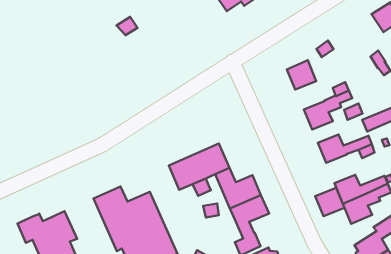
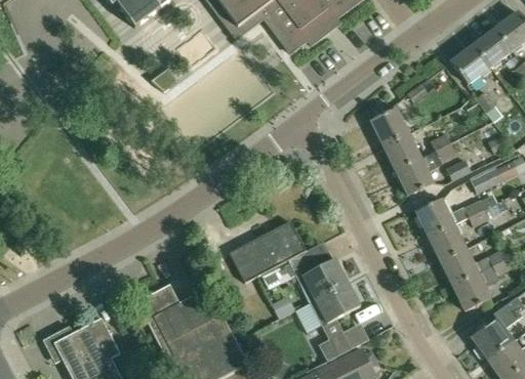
building: none -> [451,44,489,82]
building: none -> [382,133,420,170]
building: [315,188,344,216] -> [428,223,466,260]

